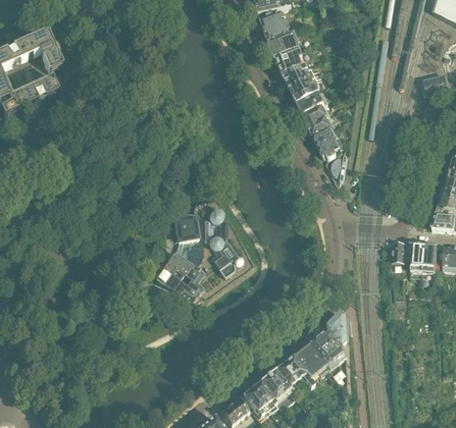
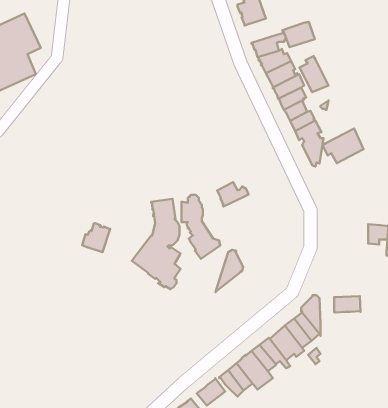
building: [267,34,300,59] -> [282,22,315,47]
building: none -> [300,56,329,92]
building: none -> [322,128,364,163]
building: none -> [217,182,248,207]
building: none -> [82,223,110,252]
building: none -> [216,250,243,292]
building: none -> [334,296,360,312]

